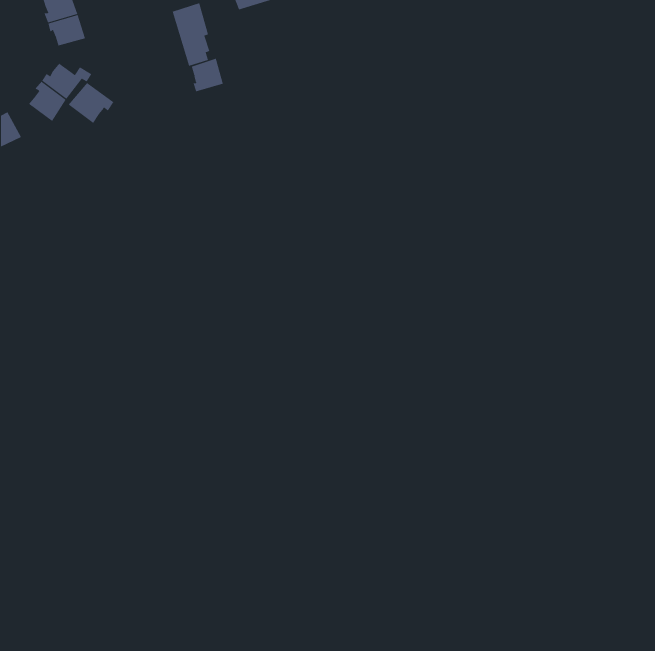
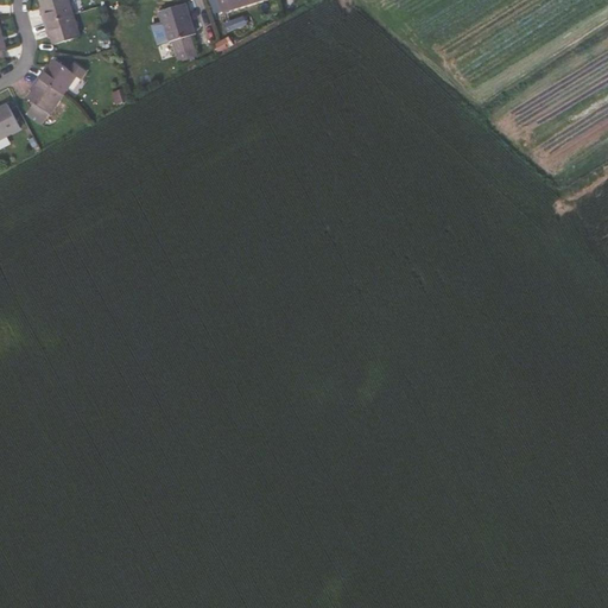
building: [191,58,223,92] -> none
building: [68,82,114,124] -> none

